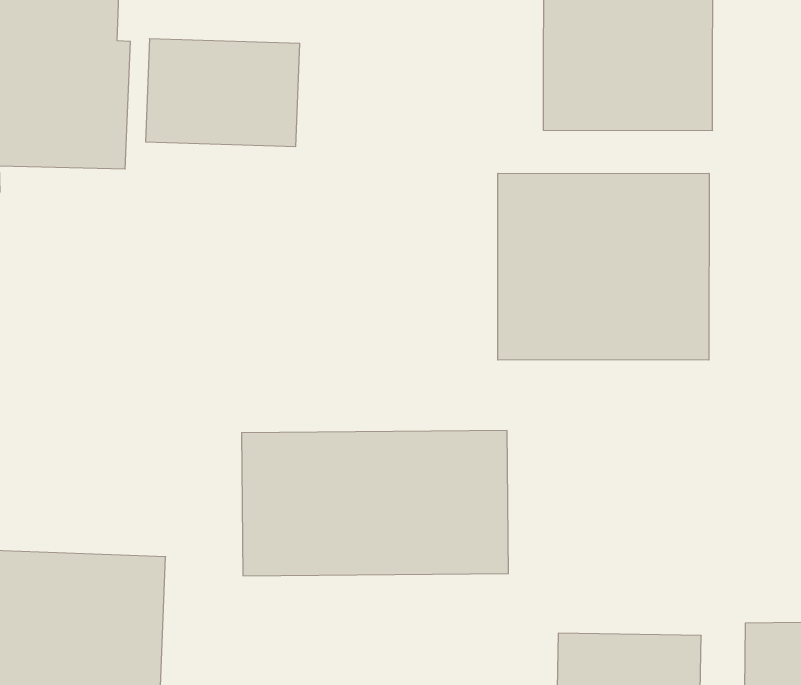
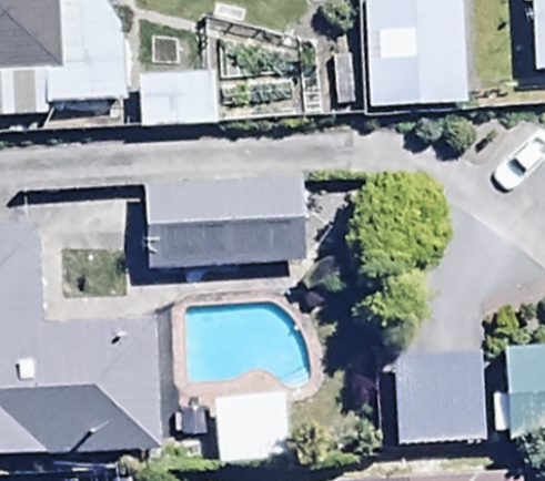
building: [498,173,709,360] -> none
building: [242,431,508,576] -> [143,156,305,250]

